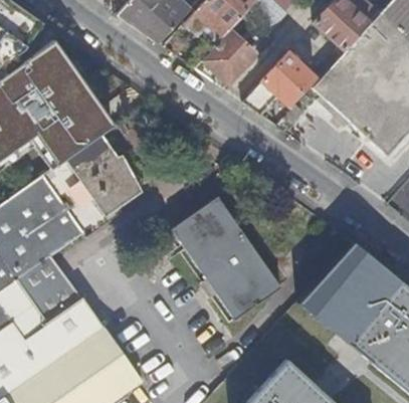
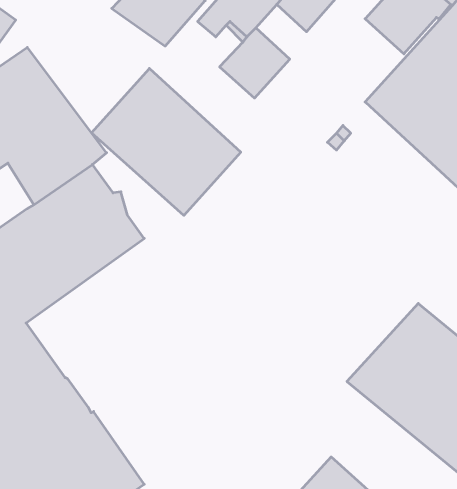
building: [242,51,335,113] -> none
building: none -> [92,68,241,215]
building: [172,197,282,322] -> none

